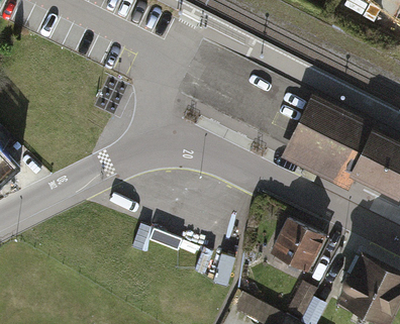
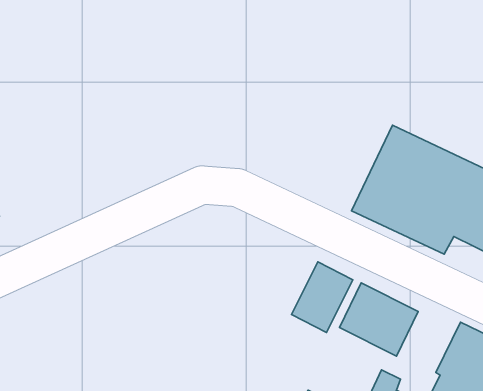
building: none -> [291,262,353,333]

